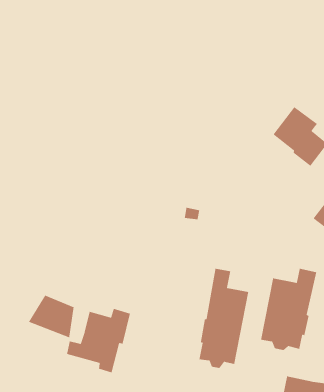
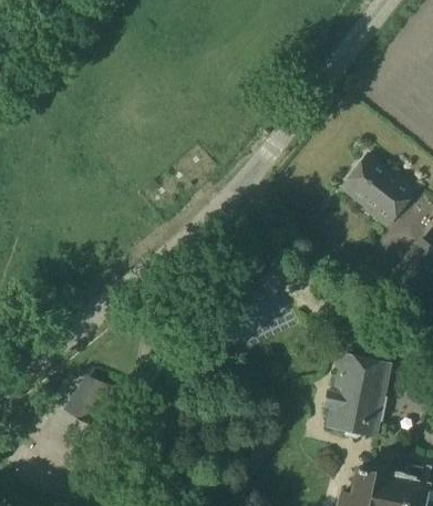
building: [198,268,249,369] -> none
building: [66,308,131,373] -> none

